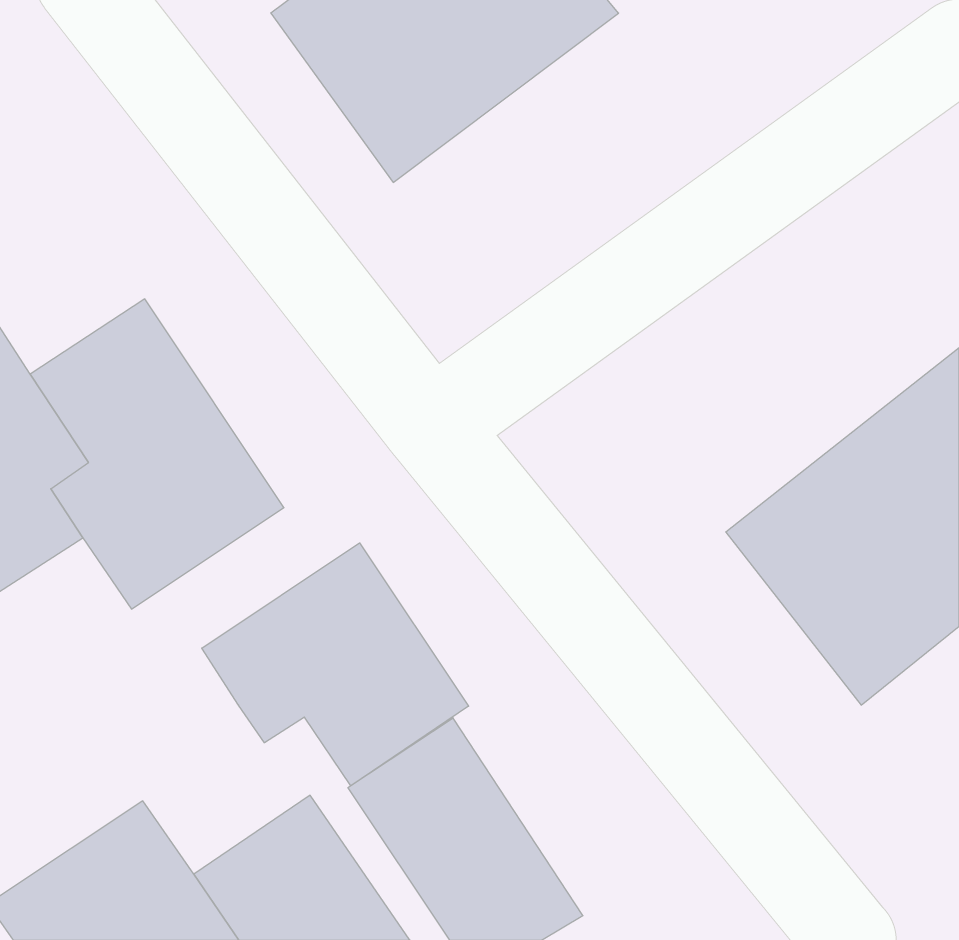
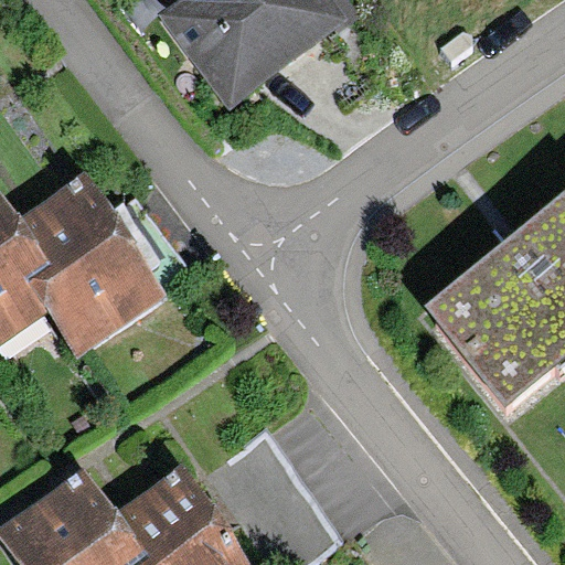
building: [202,543,469,786] -> none

